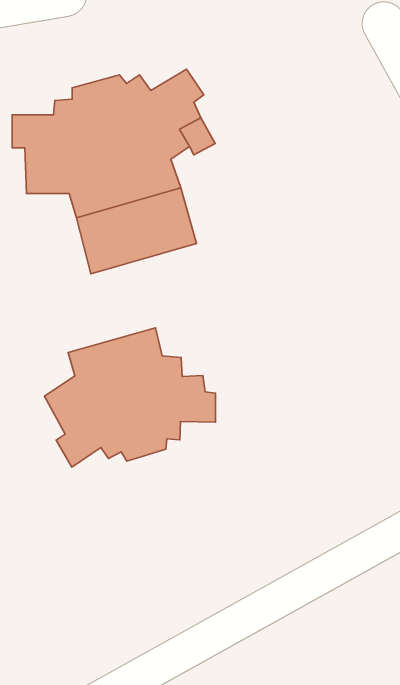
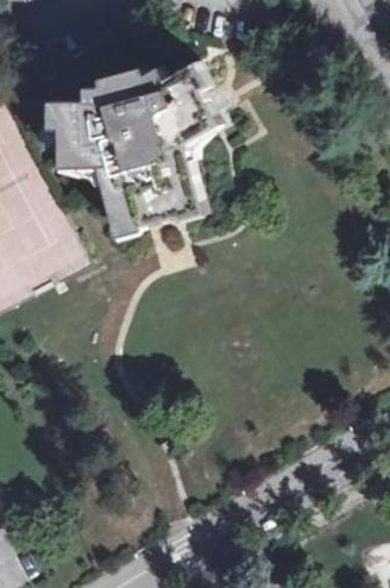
building: [45,328,216,467] -> none

